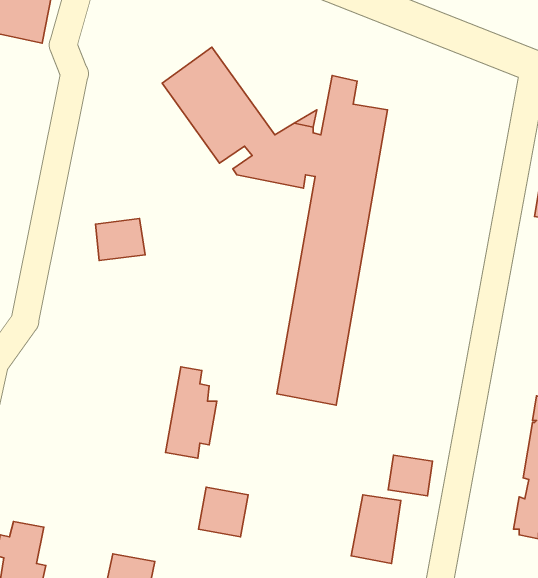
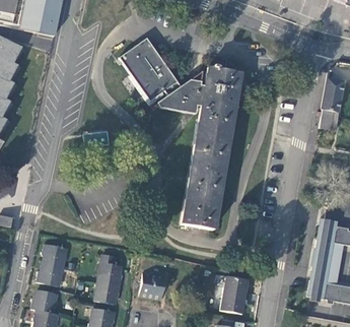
building: [165,367,217,458] -> [95,254,123,303]
building: none -> [38,244,67,286]
building: [388,455,433,496] -> none

